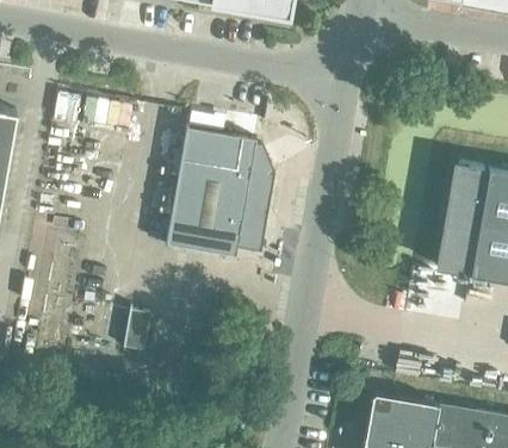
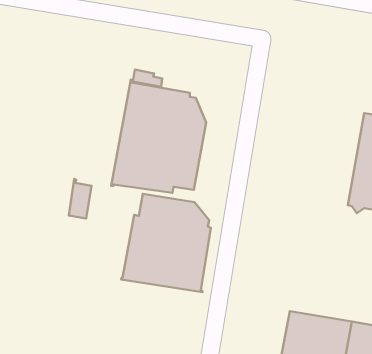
building: none -> [121,194,211,292]
building: [124,306,150,353] -> [69,179,91,219]

